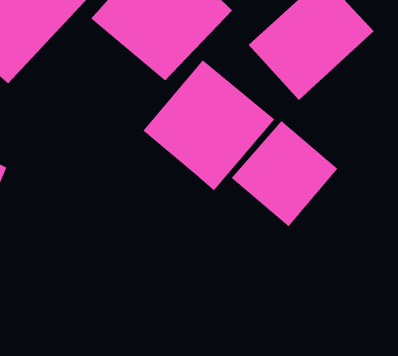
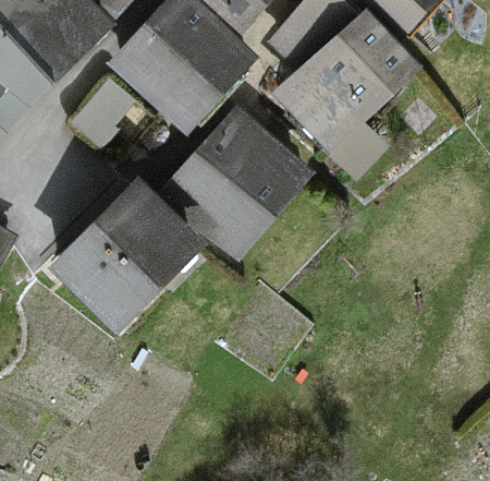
building: none -> [53,172,208,329]
building: [231,120,338,227] -> none

